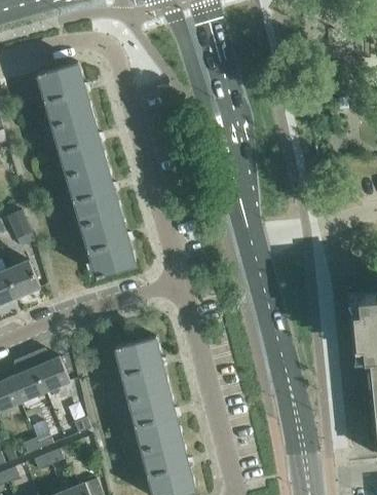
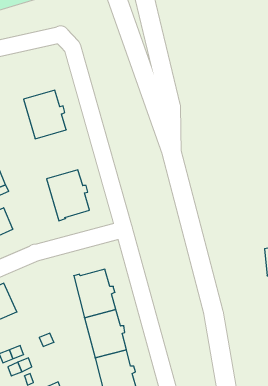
building: [37,64,91,126] -> none
building: [67,164,120,226] -> none
building: [28,350,69,392] -> none

